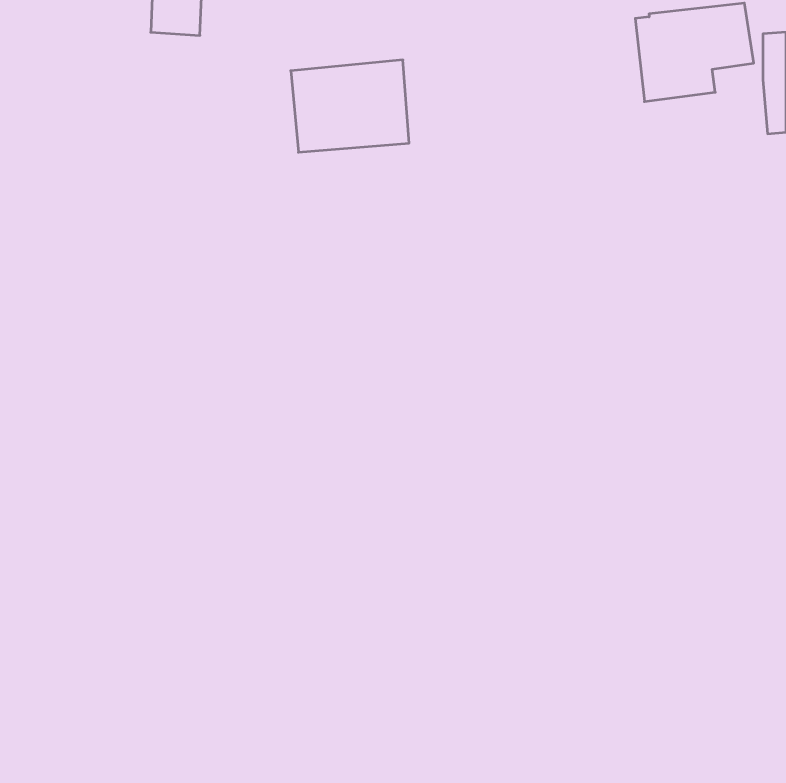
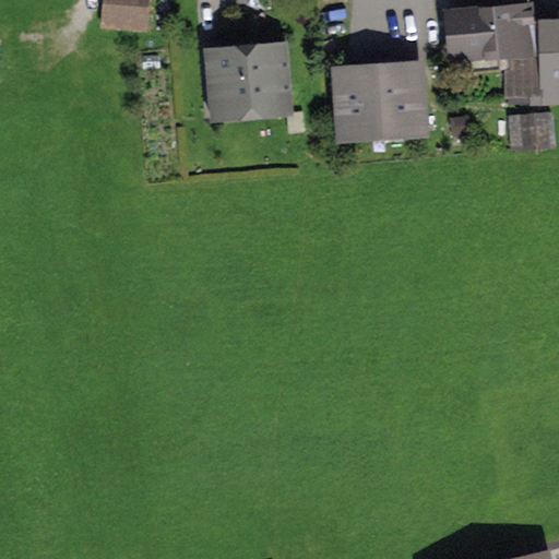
building: none -> [519,57,545,102]
building: none -> [343,70,418,130]
building: none -> [511,112,547,142]

